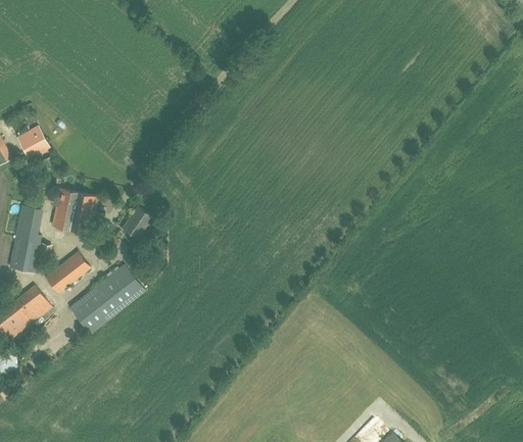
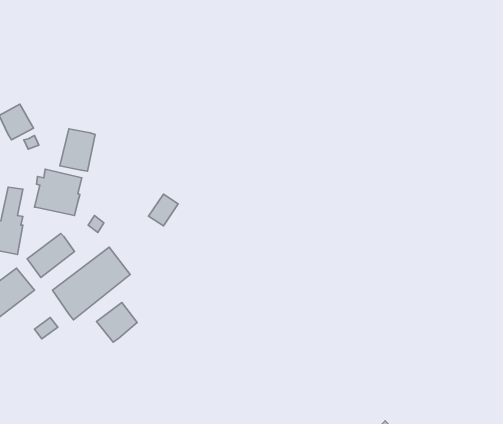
building: none -> [60,129,95,171]
building: [123,207,151,238] -> [149,194,178,226]
building: none -> [97,302,137,342]

